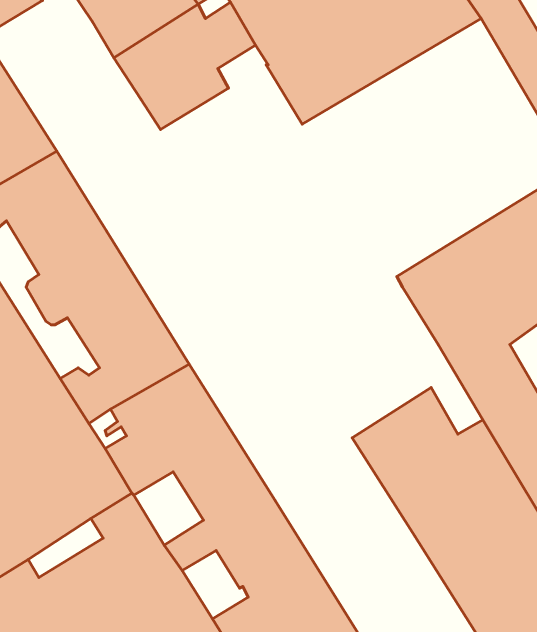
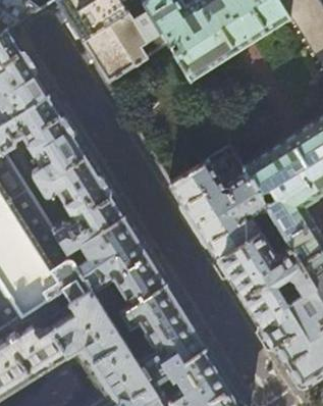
building: none -> [171,158,266,257]

